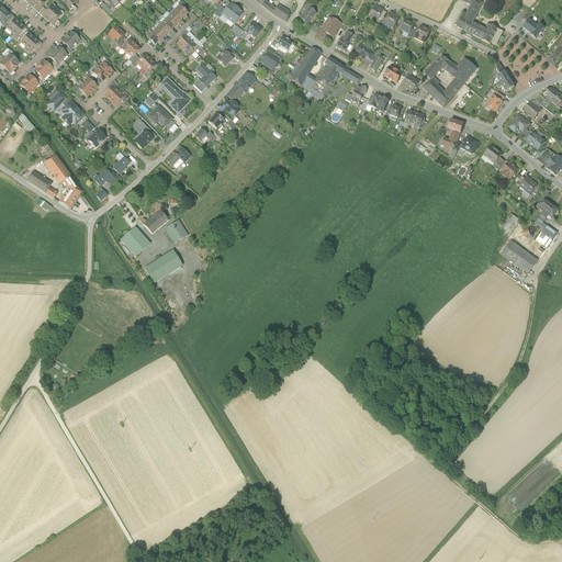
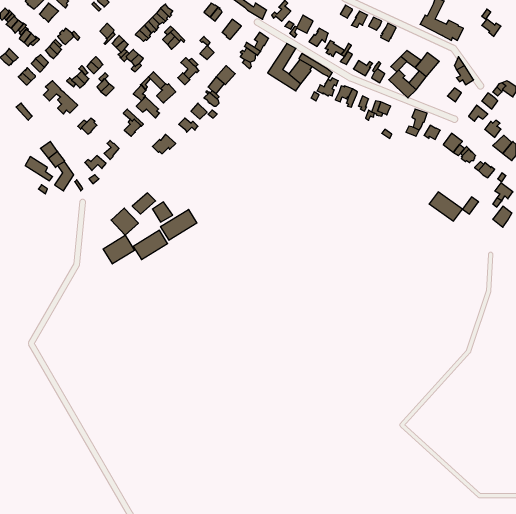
building: none -> [161,209,197,240]
building: [502,240,538,272] -> [429,192,462,221]
building: none -> [103,235,134,264]

